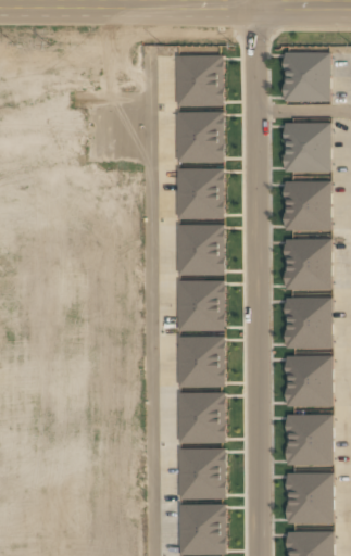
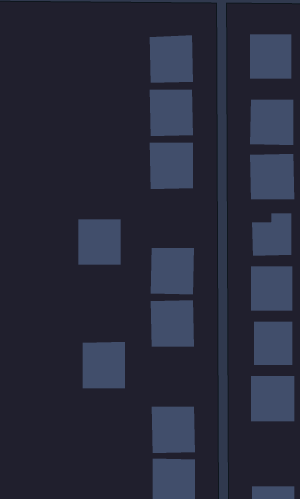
building: [177,225,224,275] -> [77,218,121,265]
building: [178,392,225,443] -> [82,341,126,389]
building: [284,475,331,525] -> none

